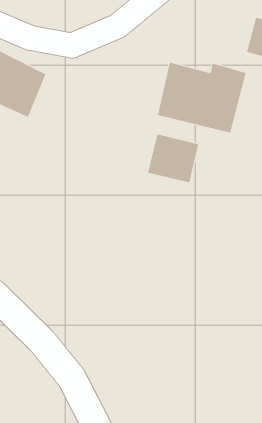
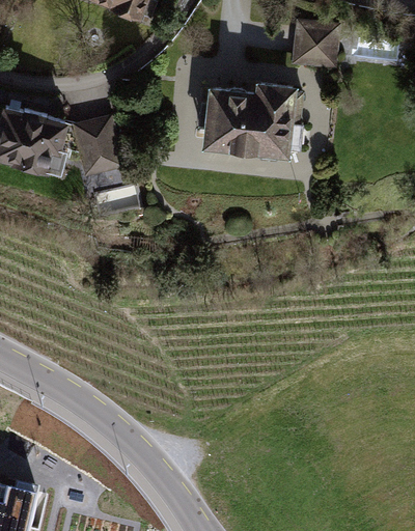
building: none -> [71,114,122,178]
building: [148,134,199,183] -> none

